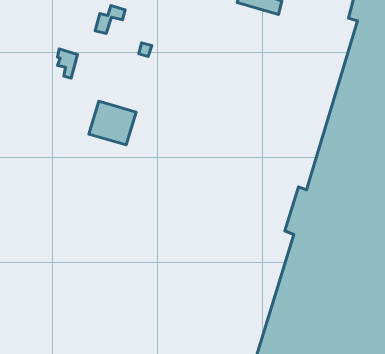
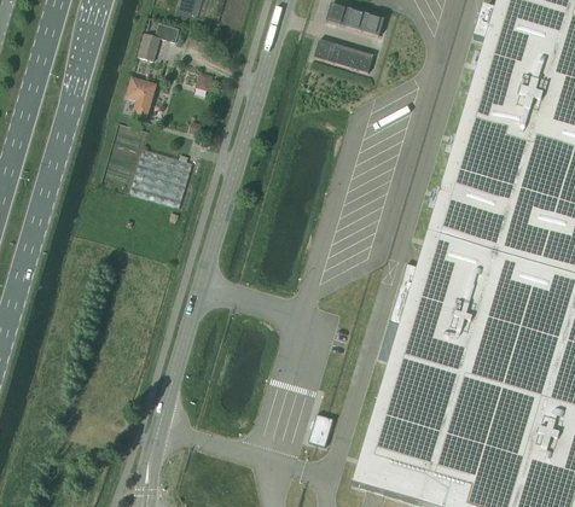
building: none -> [316,37,376,71]
building: [57,49,77,78] -> [130,77,157,116]

